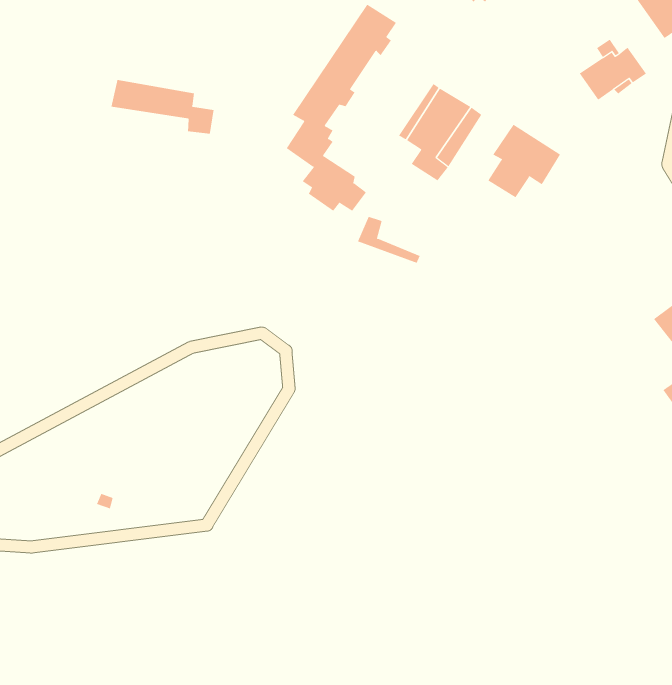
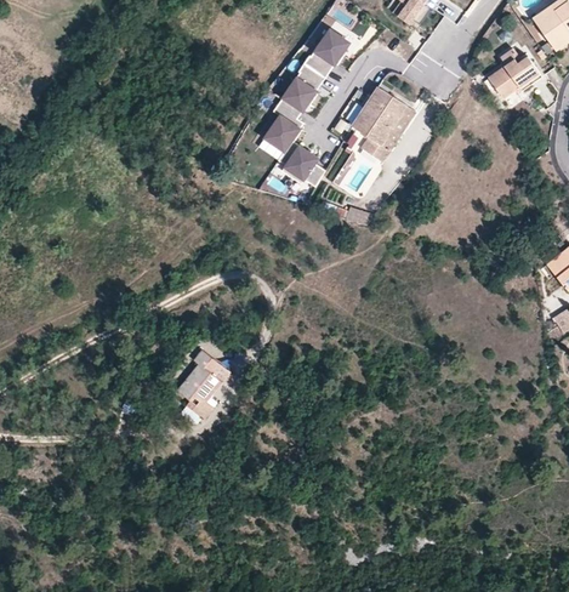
building: [111,79,214,134] -> none
building: [487,124,561,198] -> none
building: none -> [177,349,228,416]

